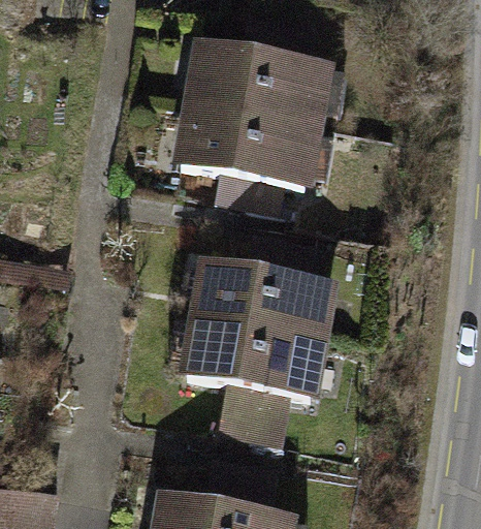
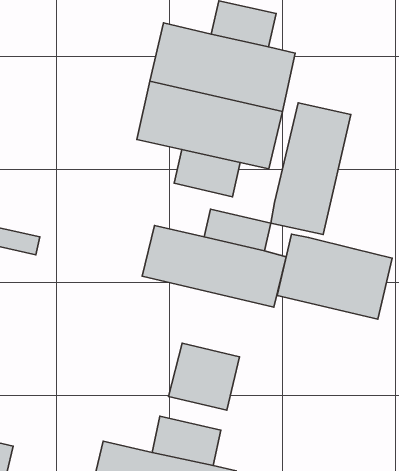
building: none -> [271,103,351,235]
building: none -> [277,234,392,319]
building: [175,311,328,396] -> none

